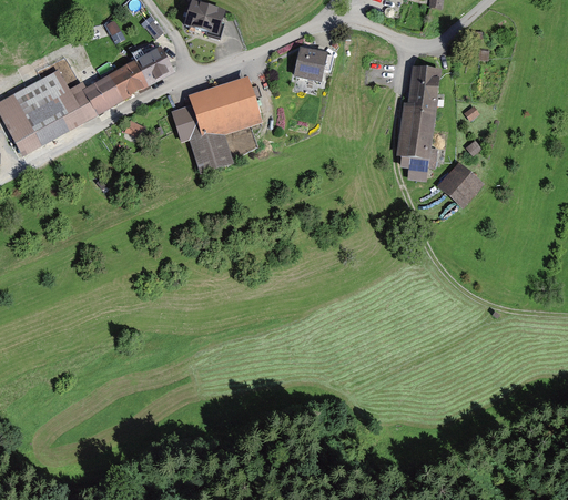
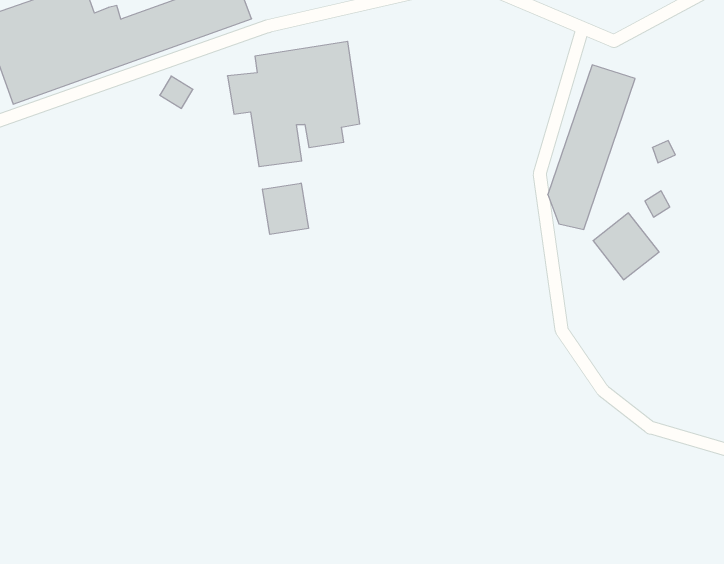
building: [292,45,328,81] -> none
building: none -> [263,183,308,234]

